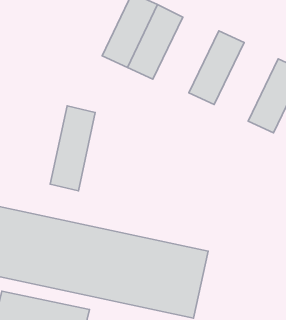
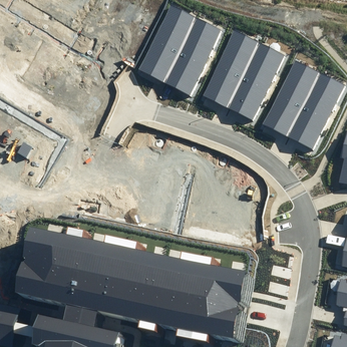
building: none -> [202,31,259,108]
building: none -> [264,61,320,137]
building: [50,106,95,191] -> none

